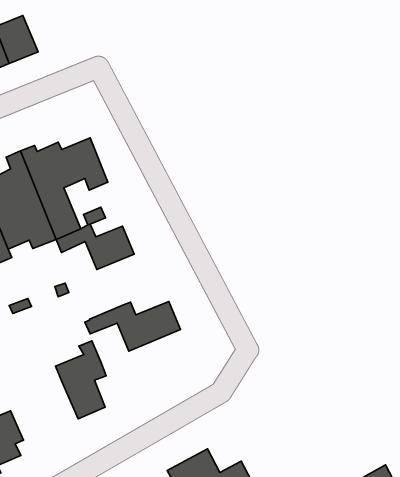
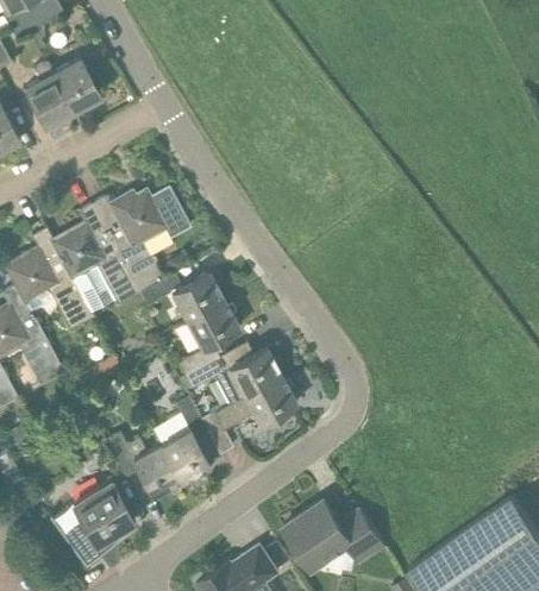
building: none -> [177,302,240,376]
building: none -> [201,377,297,455]
building: none -> [107,435,183,498]

